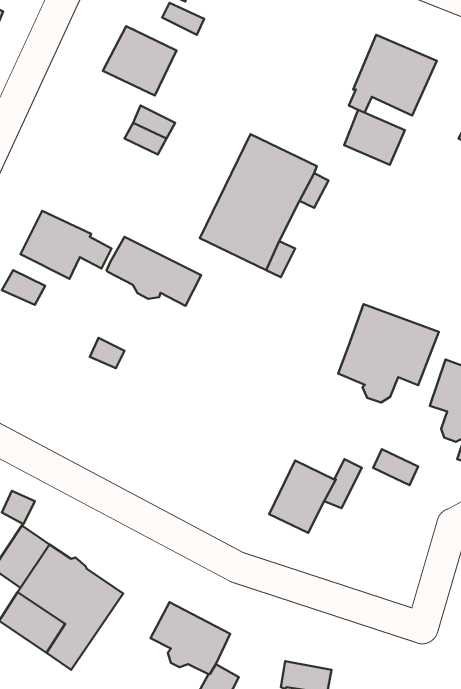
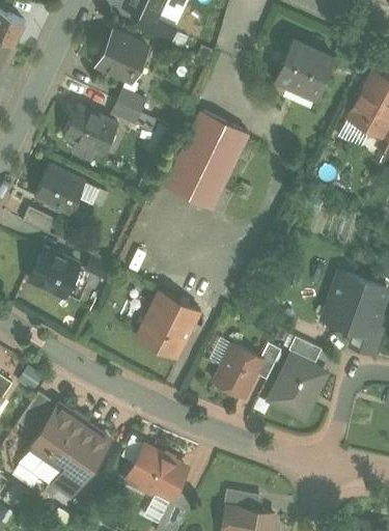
building: [344,110,405,165] -> none
building: none -> [62,105,117,155]
building: [107,237,201,306] -> none
building: [338,304,439,403] -> none
building: none -> [29,249,79,296]
building: none -> [138,294,201,358]
building: none -> [270,358,326,418]

